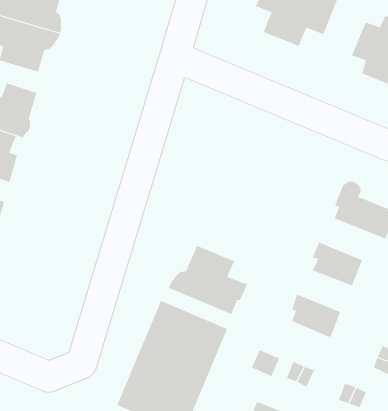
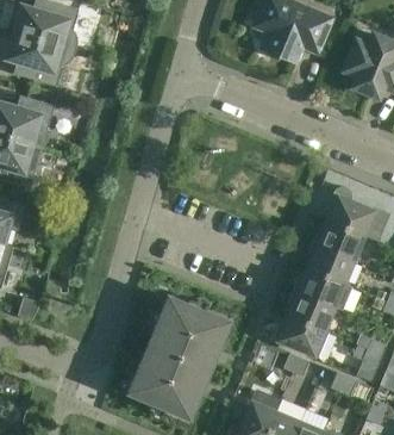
building: none -> [313,222,363,260]
building: [168,245,248,315] -> none
building: none -> [293,269,344,307]
building: none -> [274,316,329,358]

